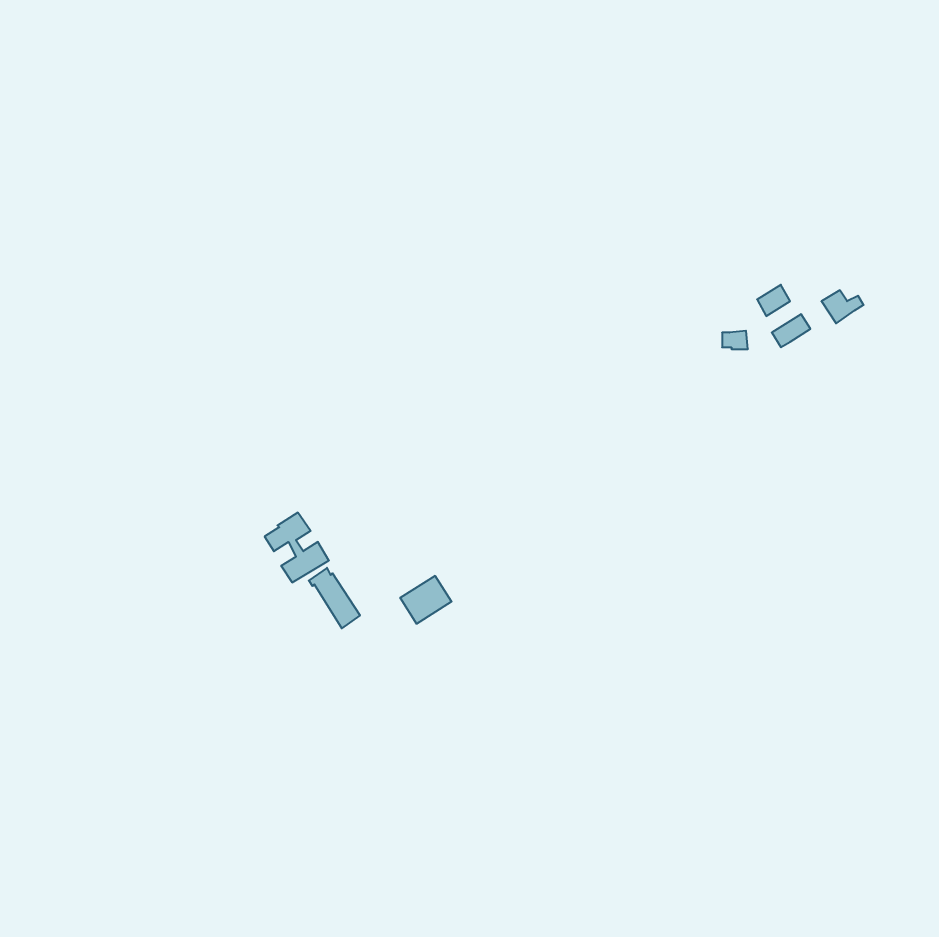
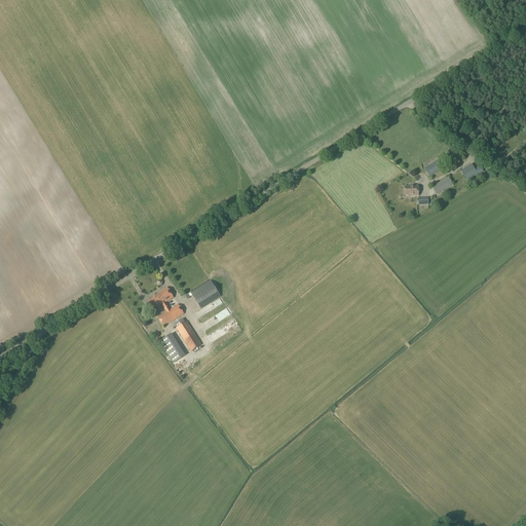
building: [400,576,452,624] -> [191,280,220,307]

